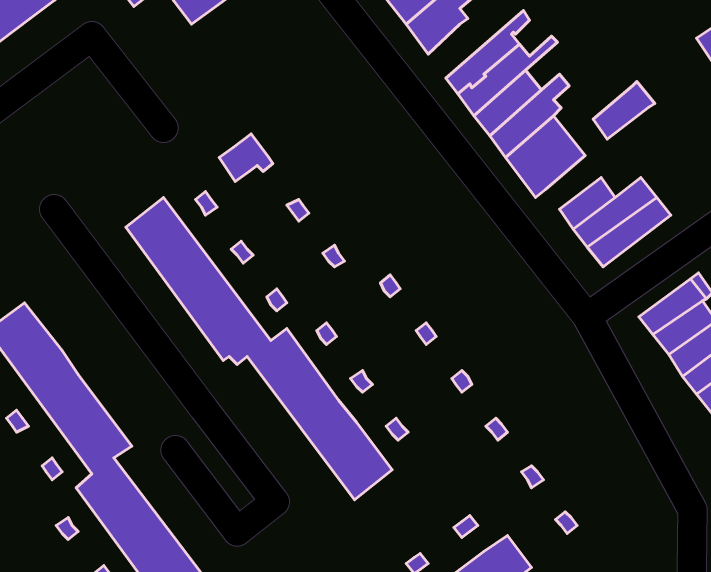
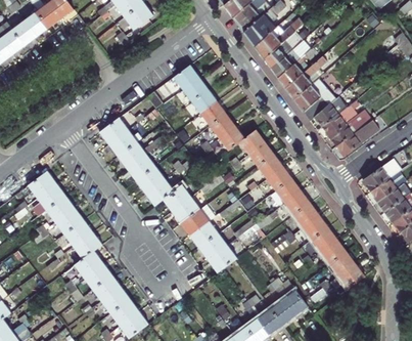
building: none -> [255,25,294,57]
building: [593,81,655,139] -> [315,95,347,125]
building: none -> [173,66,366,290]

